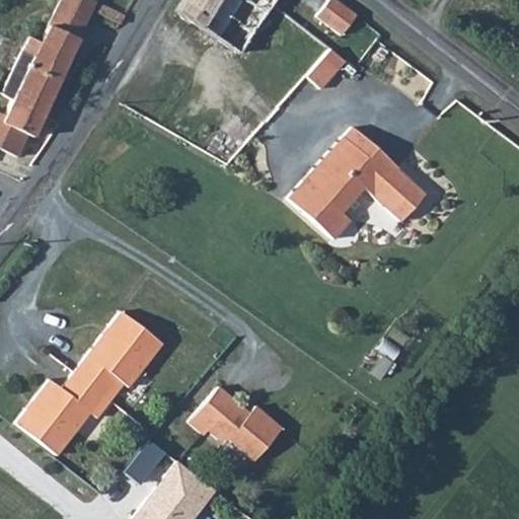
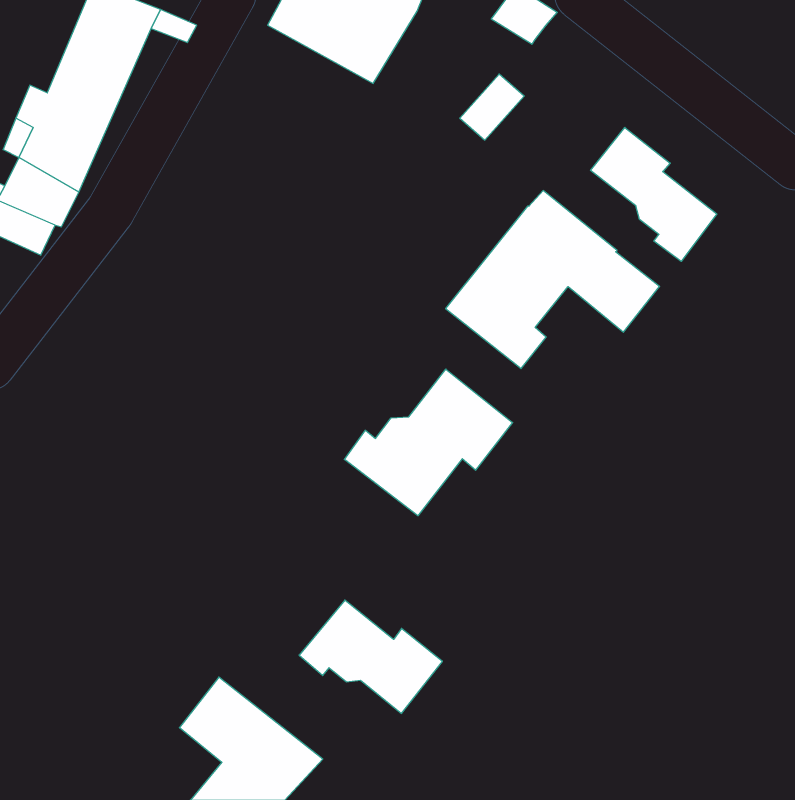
building: none -> [591,127,717,261]
building: none -> [344,369,513,516]
building: [19,314,163,460] -> none

